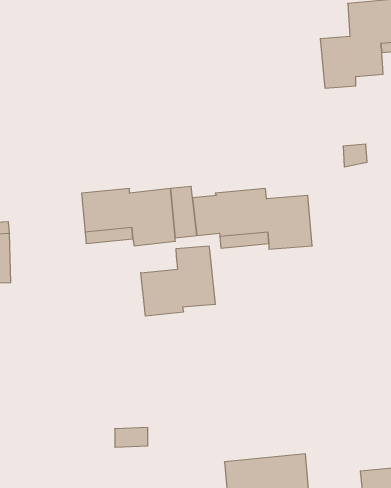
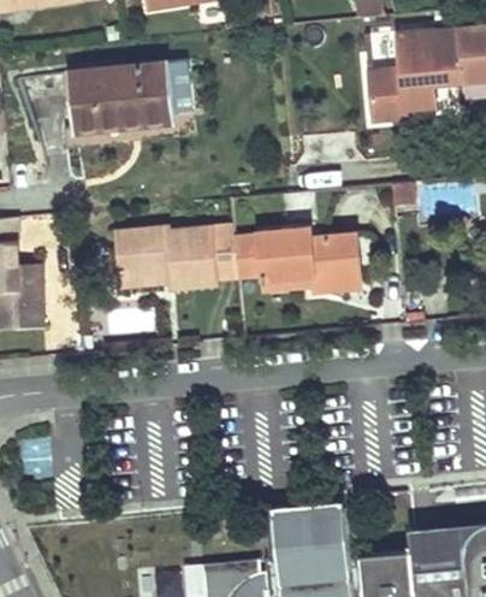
building: none -> [67,63,174,131]
building: [141,246,215,316] -> none

